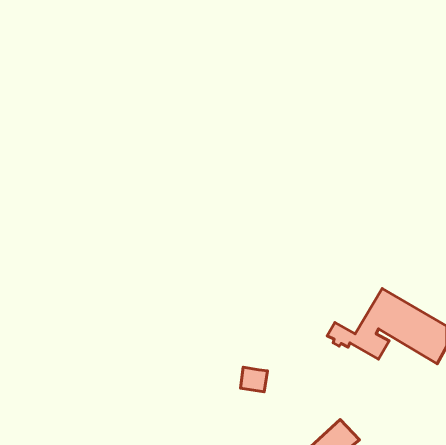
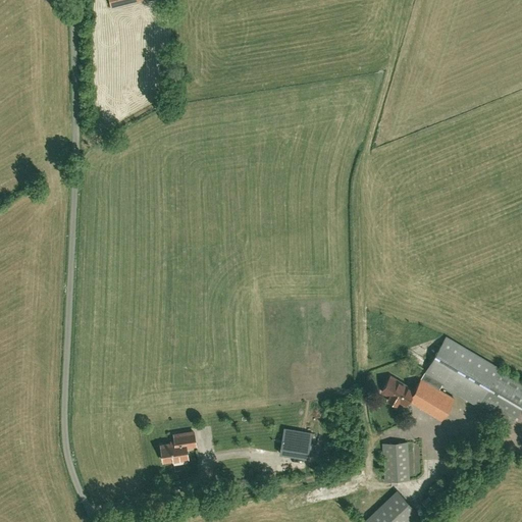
building: none -> [162,433,196,463]
building: none -> [384,443,411,482]

